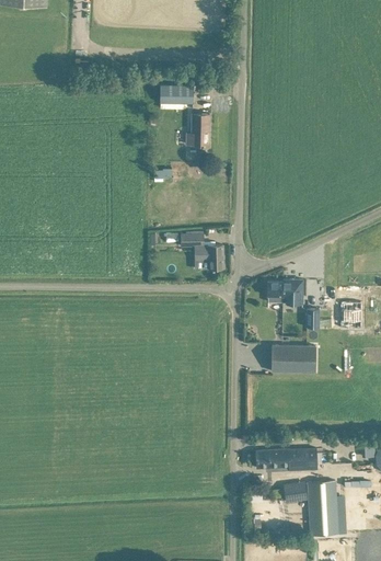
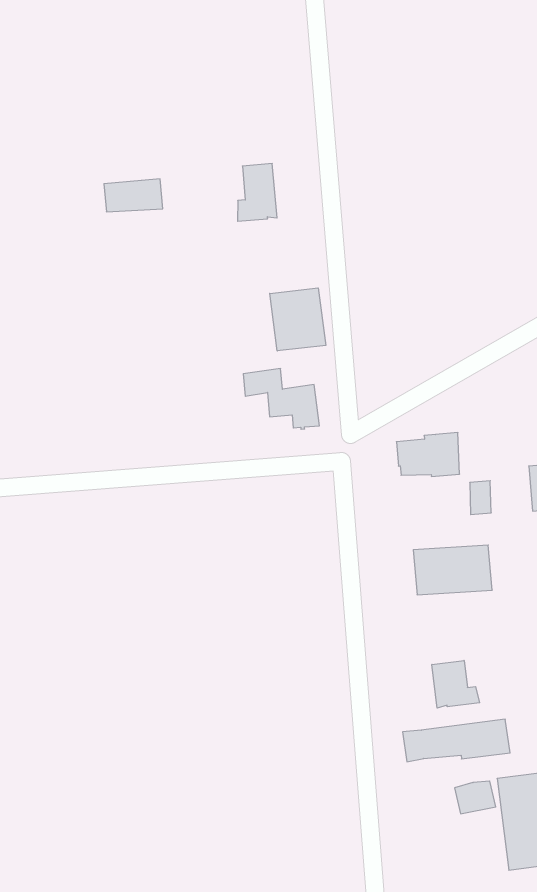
building: [160,85,193,103] -> [104,179,163,212]
building: none -> [270,288,326,351]
building: none -> [432,660,480,708]

